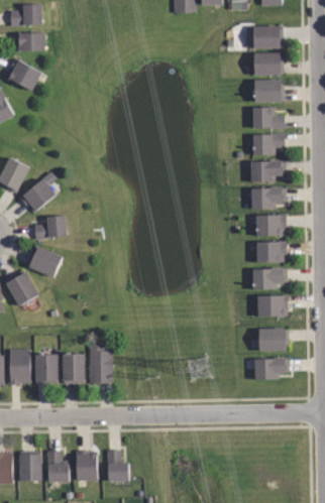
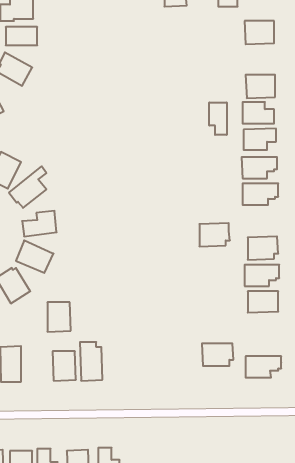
building: [254,52,284,76] -> none
building: none -> [209,102,227,135]
building: [256,214,287,237] -> [199,223,230,246]
building: [258,329,290,351] -> [202,343,233,366]
building: [36,355,60,384] -> [47,302,71,332]

